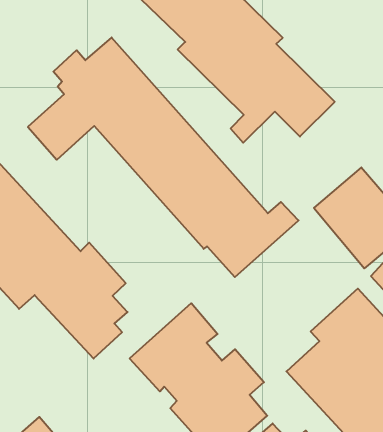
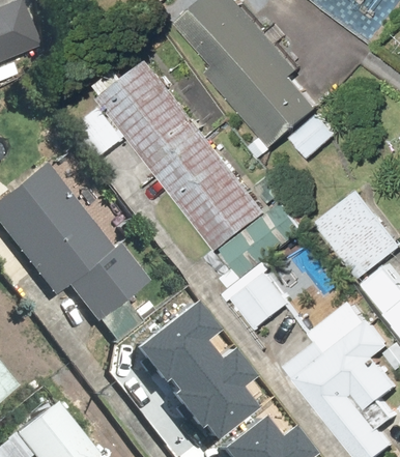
building: none -> [230,274,287,329]

